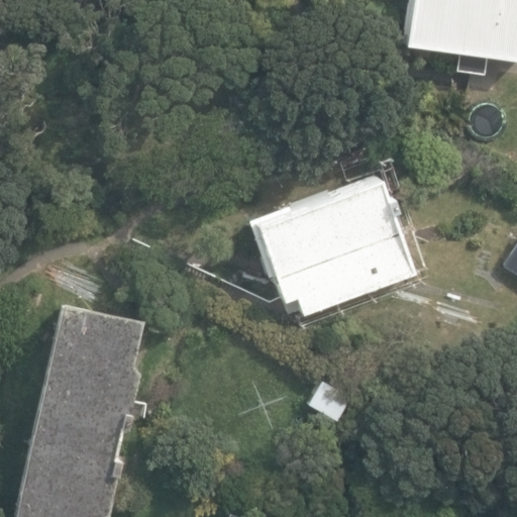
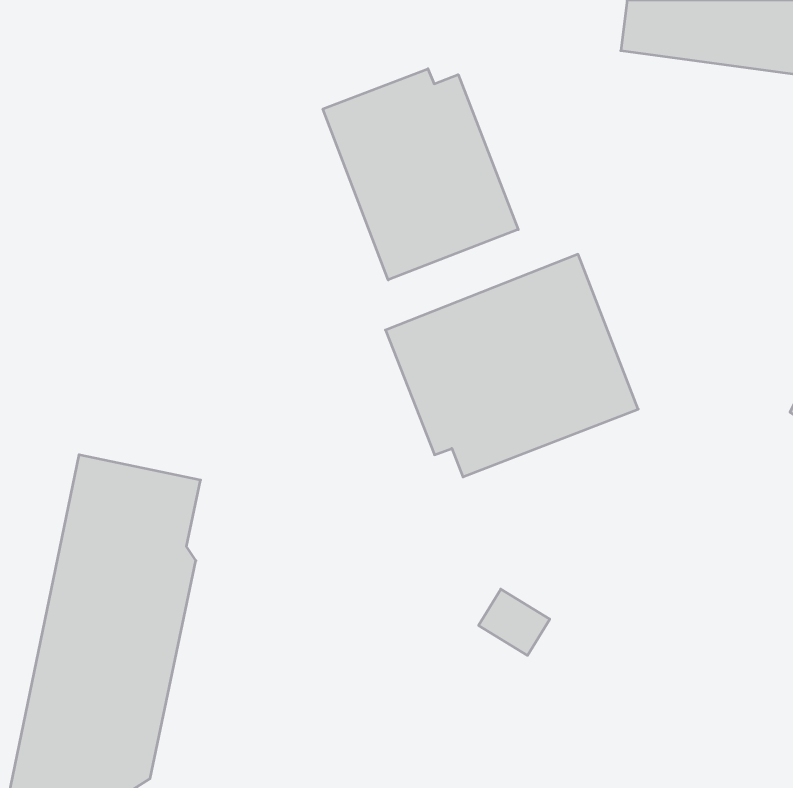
building: none -> [323,69,518,280]

